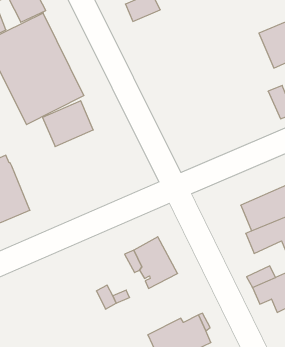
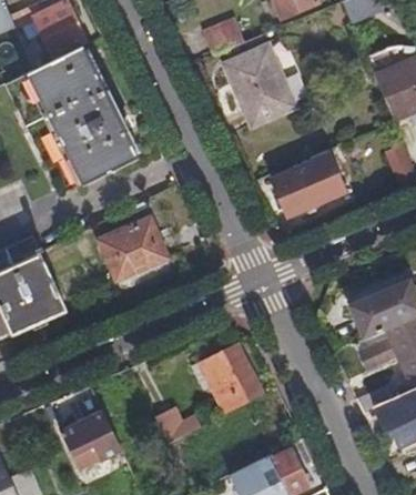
building: none -> [223,43,295,124]
building: none -> [272,149,343,213]
building: [43,101,93,147] -> [100,219,168,280]
building: none -> [60,411,121,471]

